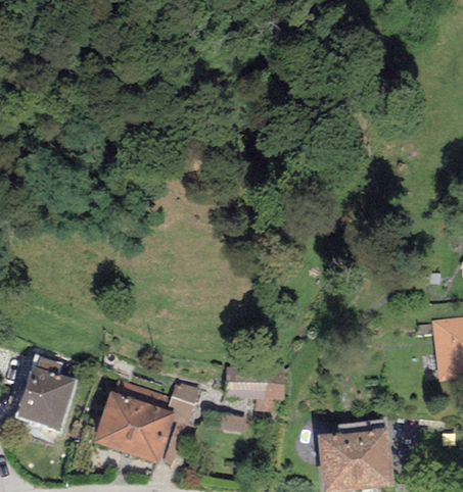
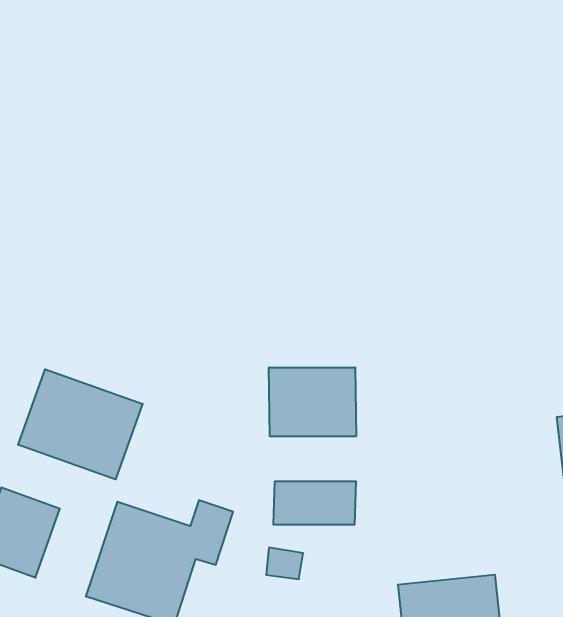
building: none -> [269,367,356,436]
building: none -> [18,369,143,479]

